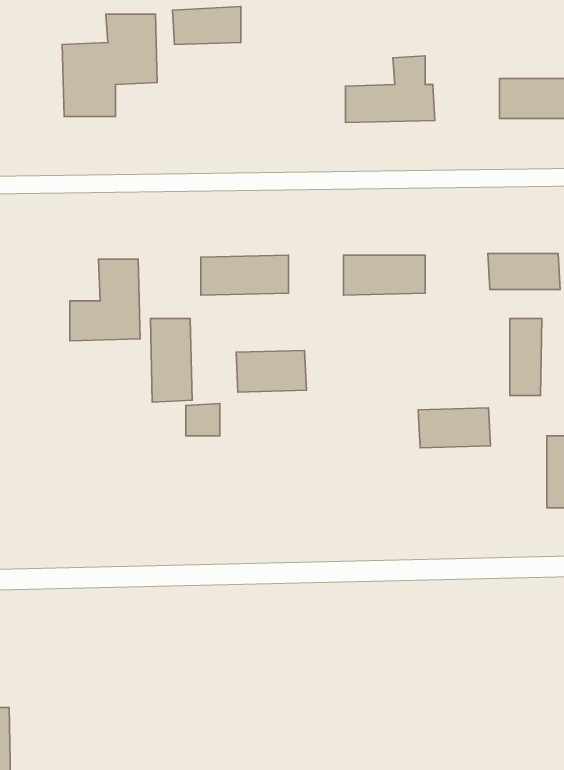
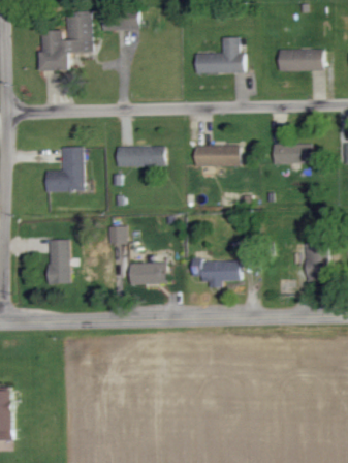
building: [510,318,542,396] -> none
building: [150,319,192,402] -> [48,239,70,284]
building: [236,350,306,392] -> [129,261,167,284]
building: [418,408,490,448] -> [201,260,241,282]

